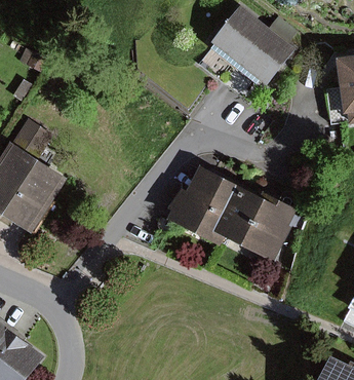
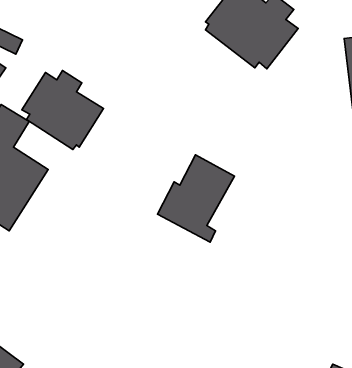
building: none -> [22,71,104,149]
building: [212,185,294,261] -> none

